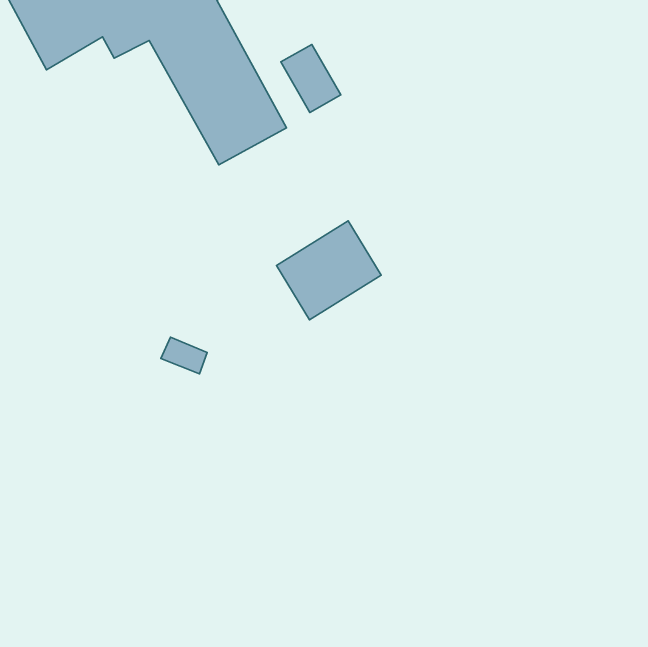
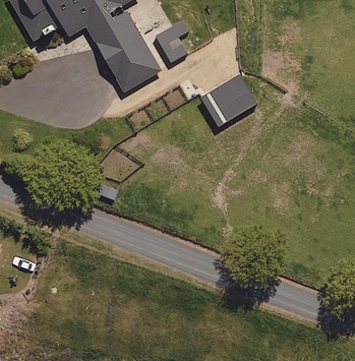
building: [277,221,381,320] -> [201,78,256,130]

